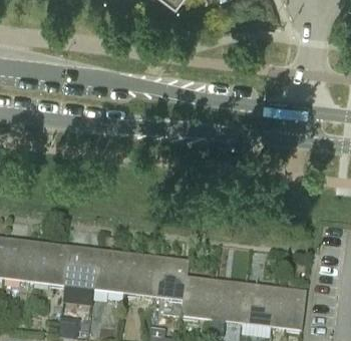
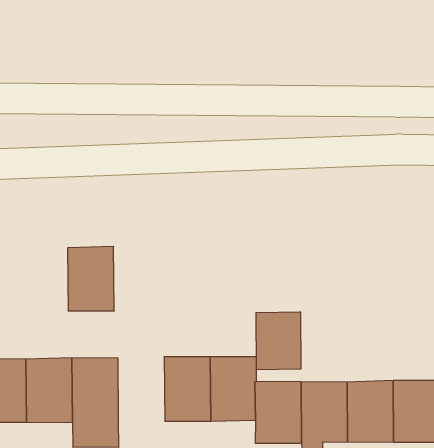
building: none -> [256,312,301,370]
building: [93,248,128,293] -> [68,247,114,311]

